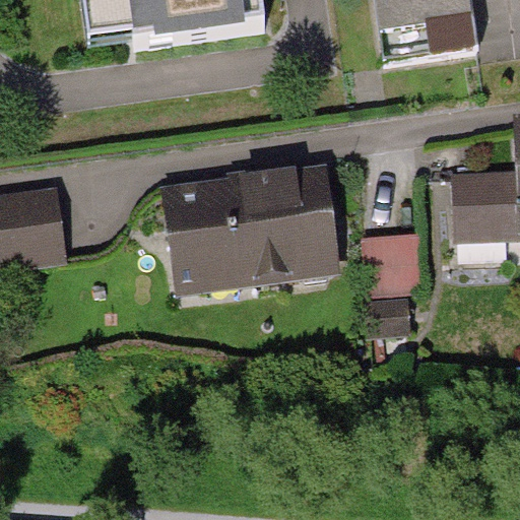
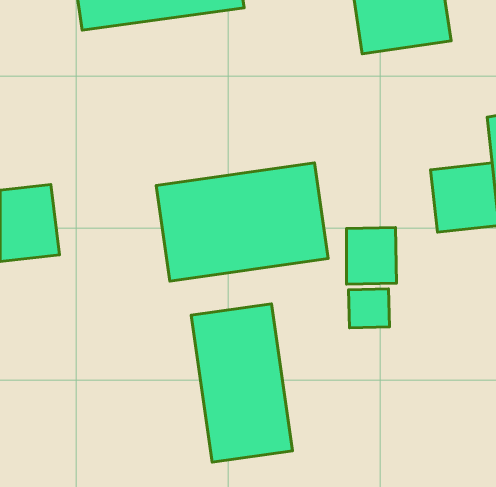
building: none -> [191,304,293,462]

